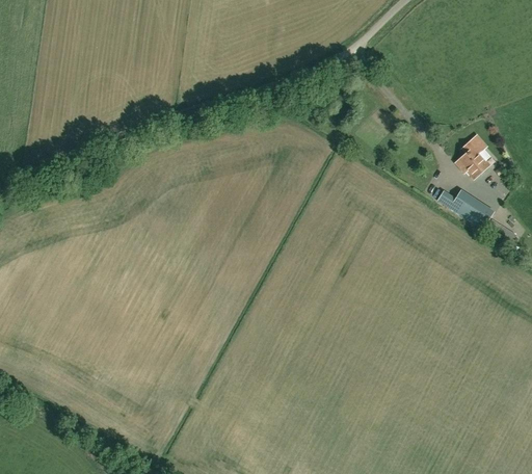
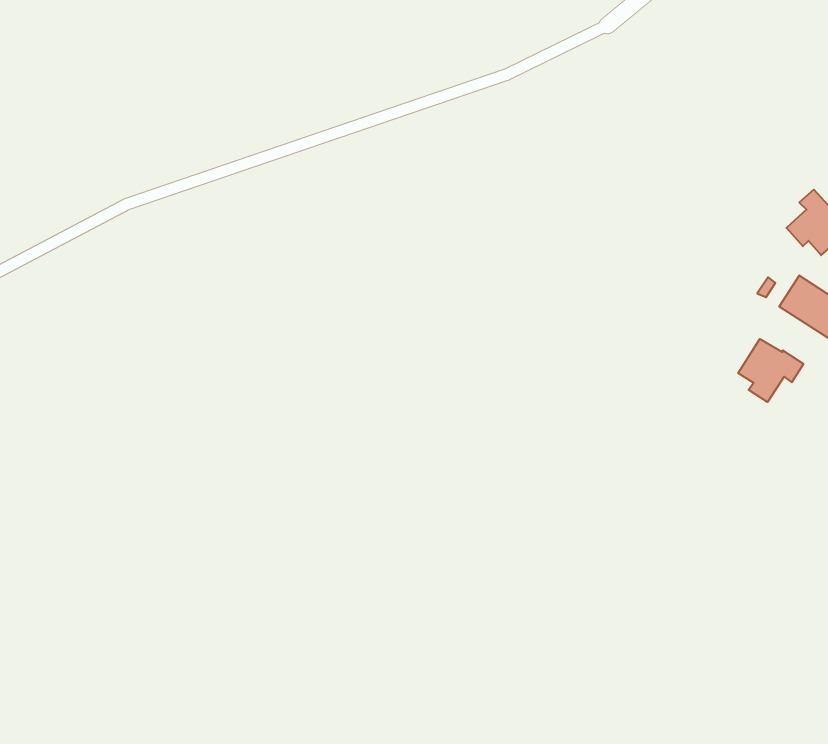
building: none -> [738,339,803,402]

